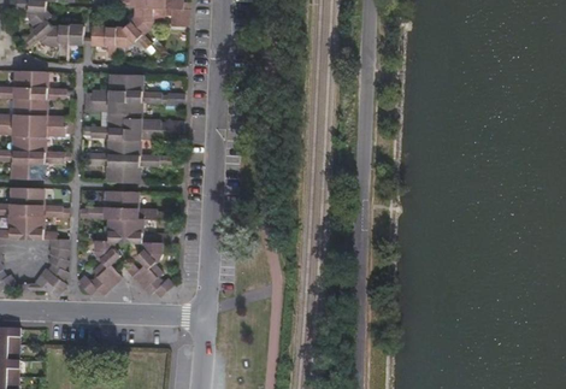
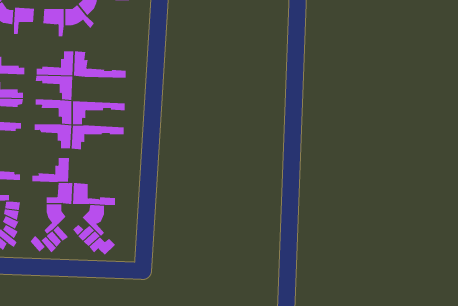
building: [124,101,183,131] -> none
building: [120,191,179,222] -> none

